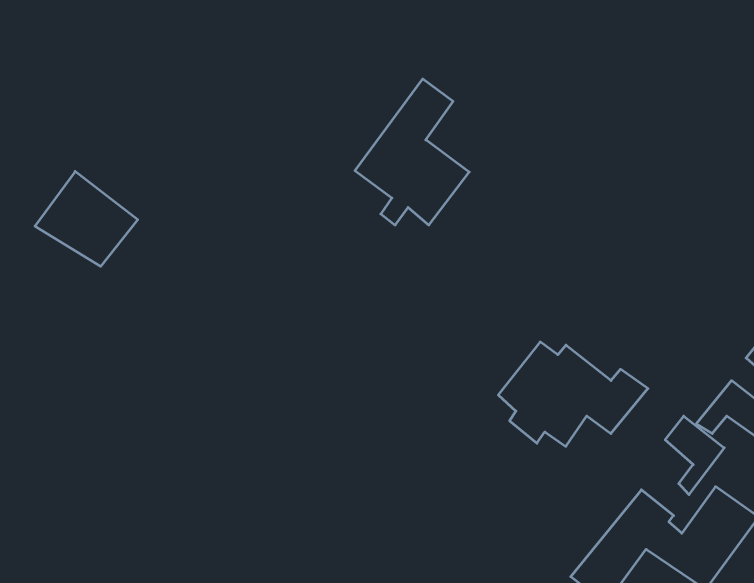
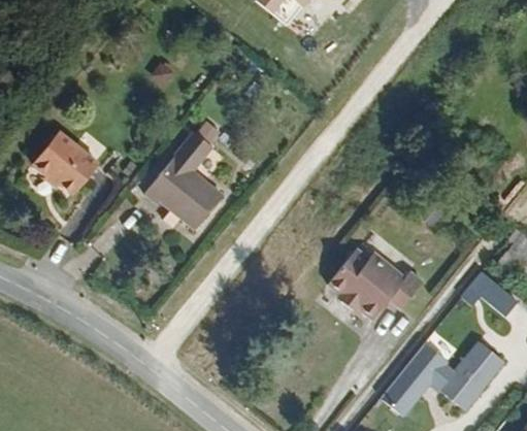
building: [355,79,469,225] -> [153,141,226,235]
building: [665,416,724,495] -> none

